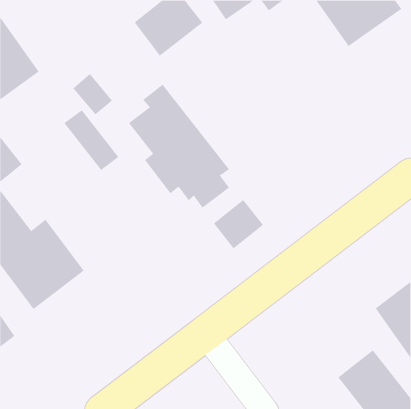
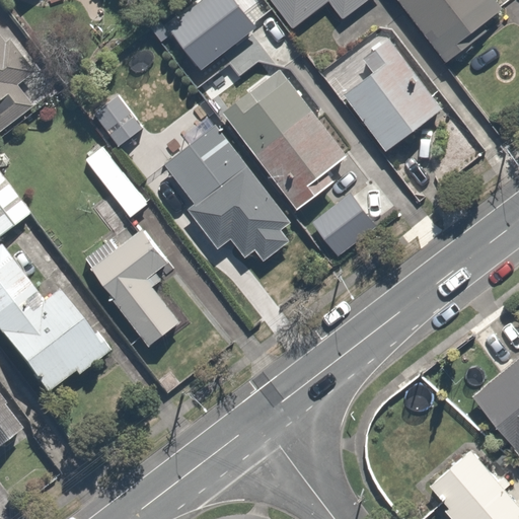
building: none -> [328,34,443,152]
building: none -> [223,69,353,203]
building: none -> [88,216,187,350]
building: [213,199,264,249] -> [312,197,376,260]

